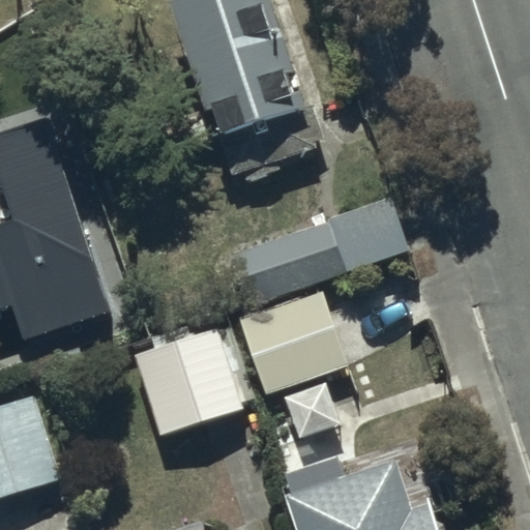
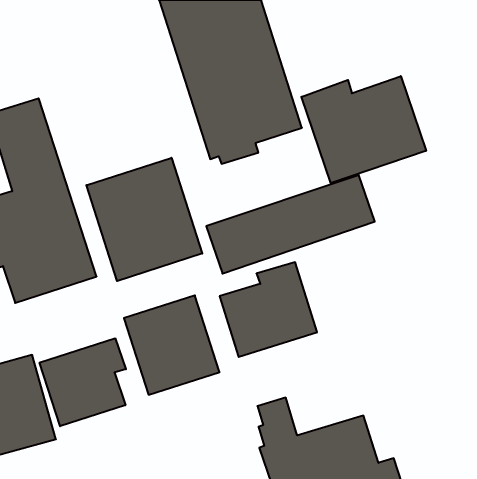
building: none -> [301,76,426,183]
building: none -> [86,158,202,281]
building: none -> [40,338,126,426]

